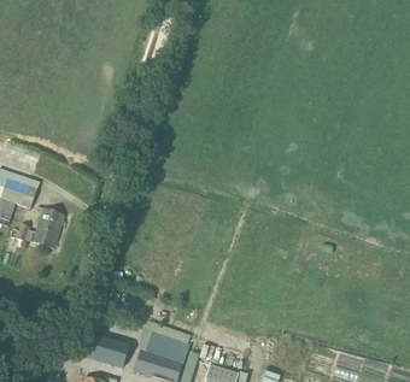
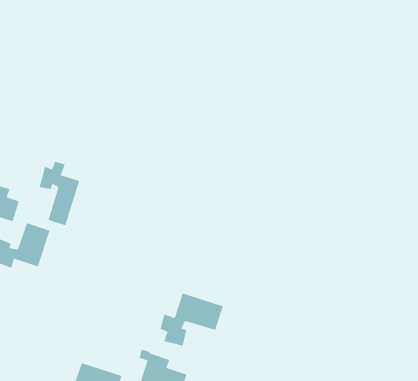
building: none -> [38,161,80,226]
building: none -> [160,292,224,347]

